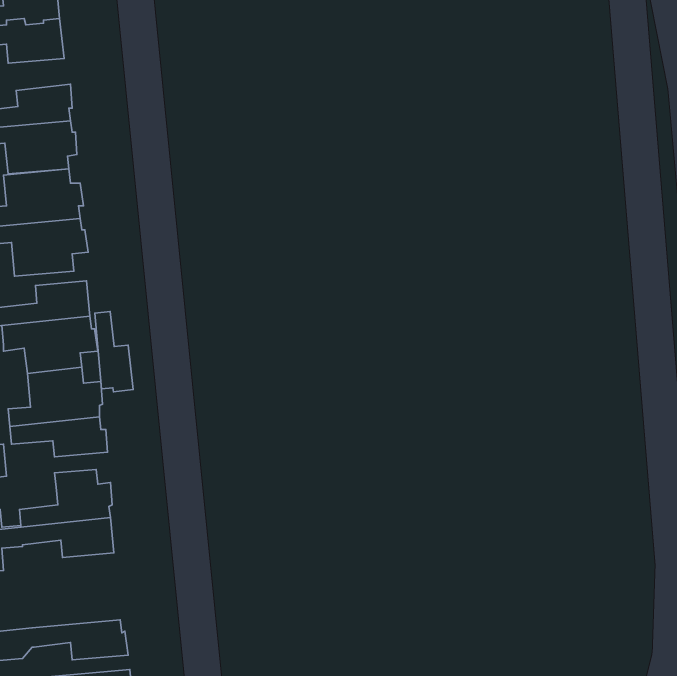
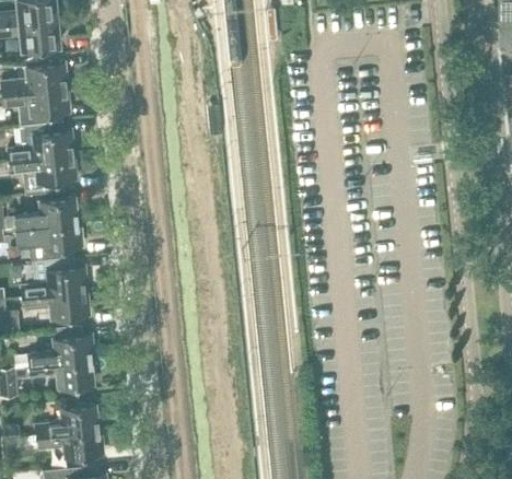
building: [95,312,133,392] -> none
building: none -> [35,407,97,436]

